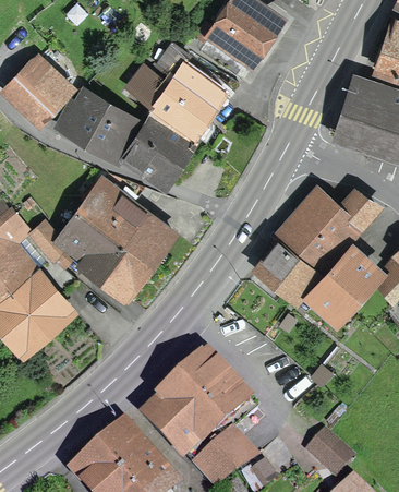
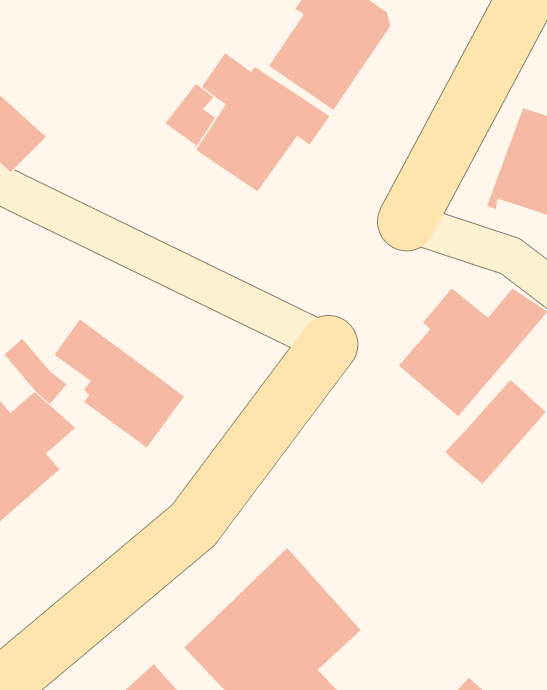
building: [60,91,135,154] -> none
building: [128,105,193,178] -> none
building: [81,171,171,259] -> none
building: [258,239,326,309] -> none

